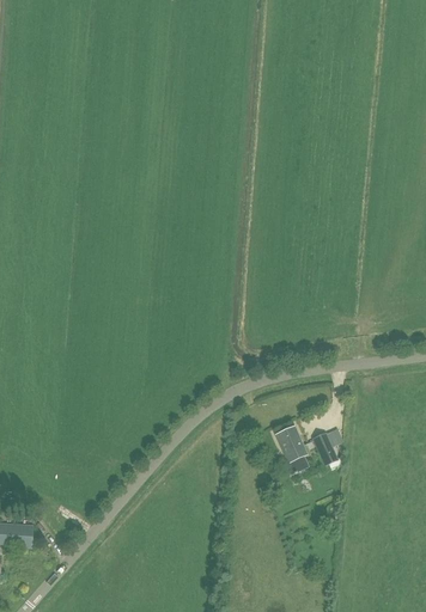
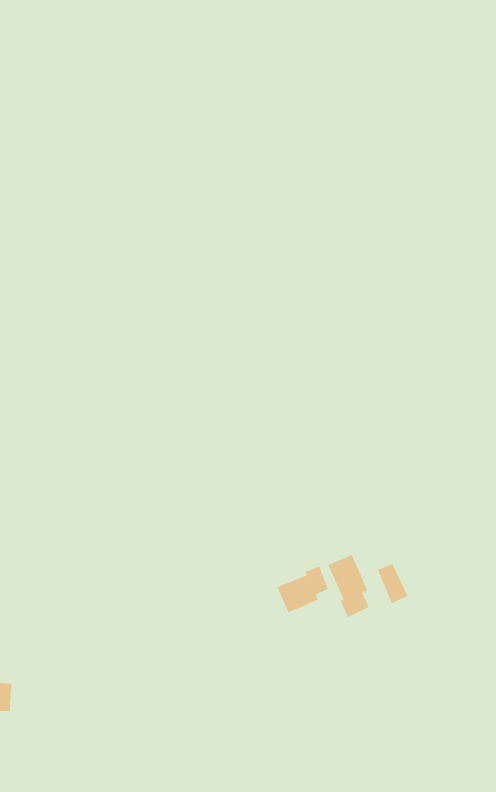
building: none -> [277,565,329,613]

